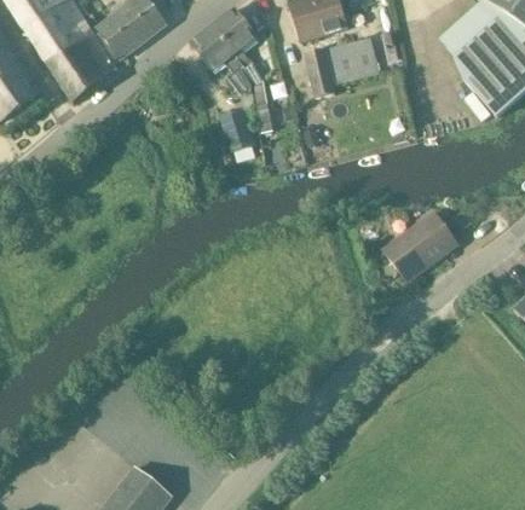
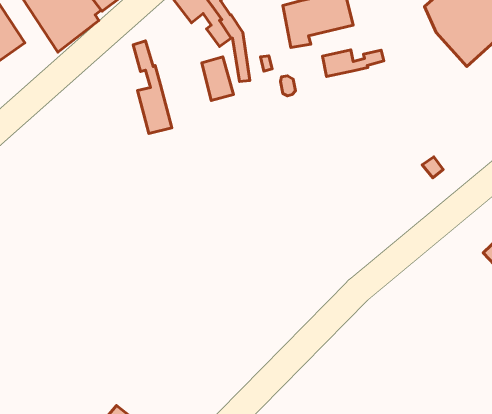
building: none -> [133,41,172,133]
building: none -> [322,50,384,77]
building: [382,210,457,280] -> none

